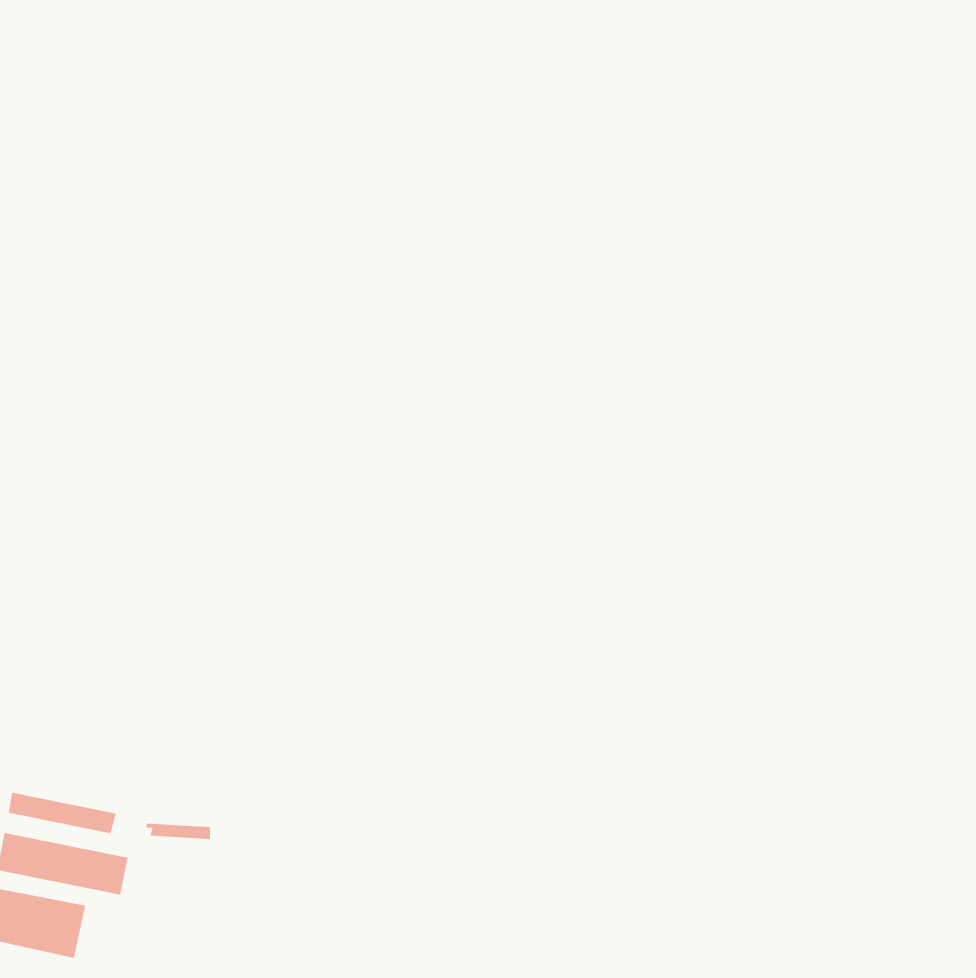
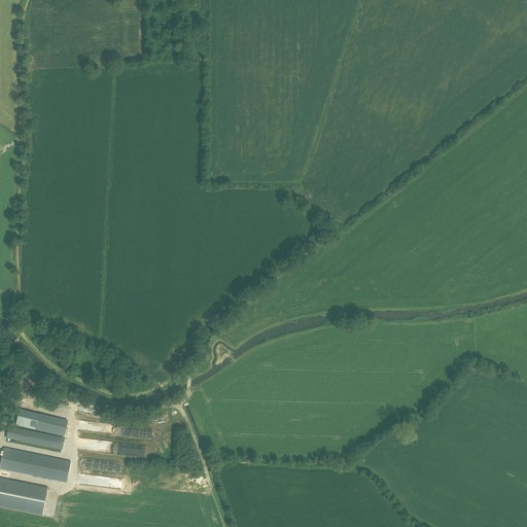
building: none -> [13,409,66,435]

